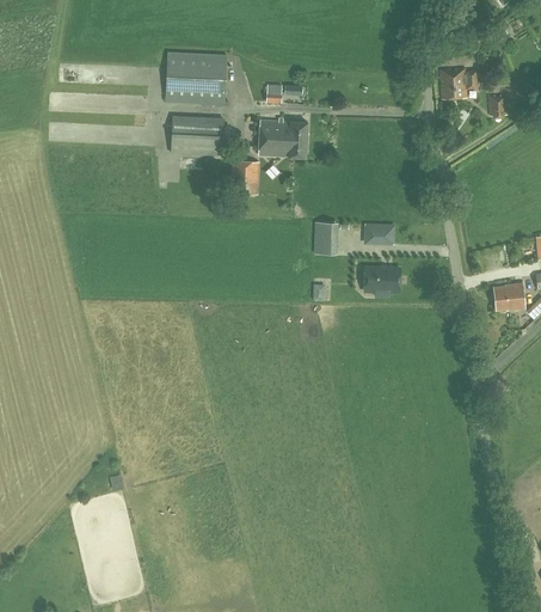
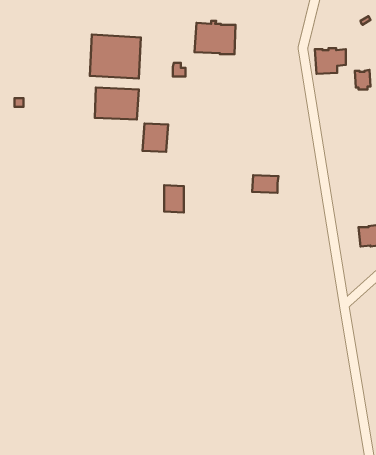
building: [257,116,307,157] -> [195,21,236,54]
building: [313,220,337,253] -> [164,185,184,213]
building: [363,265,399,295] -> none

